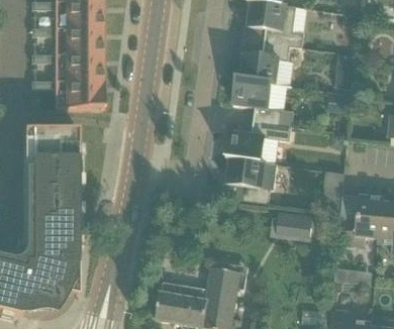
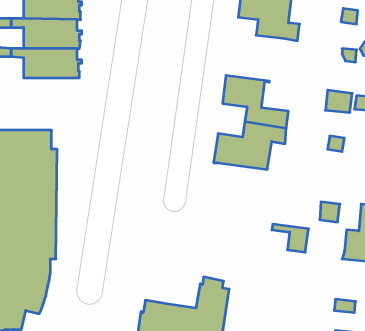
building: [235,42,289,84] -> none
building: [41,81,105,108] -> none
building: [225,157,275,204] -> none

